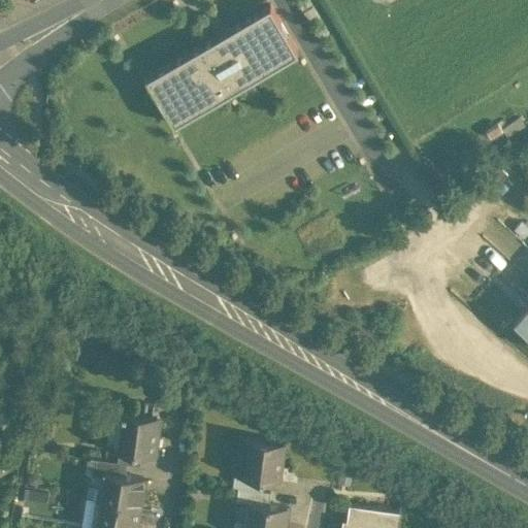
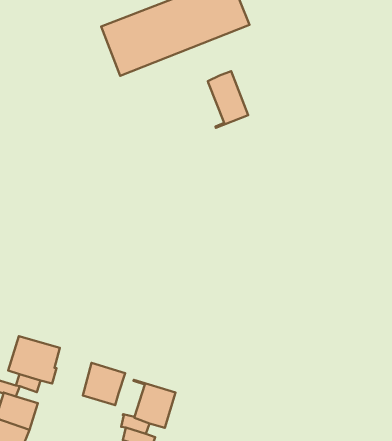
building: none -> [208,71,248,128]
building: none -> [83,363,125,405]

